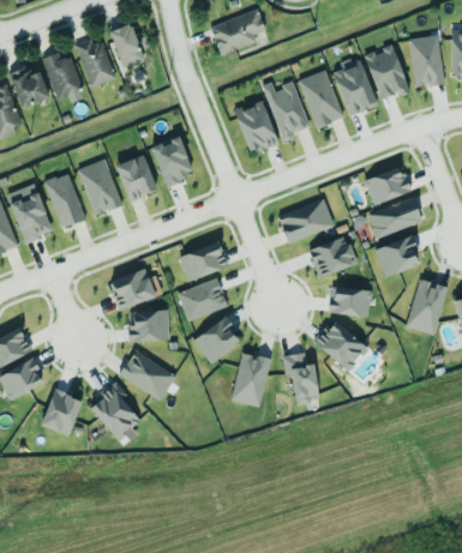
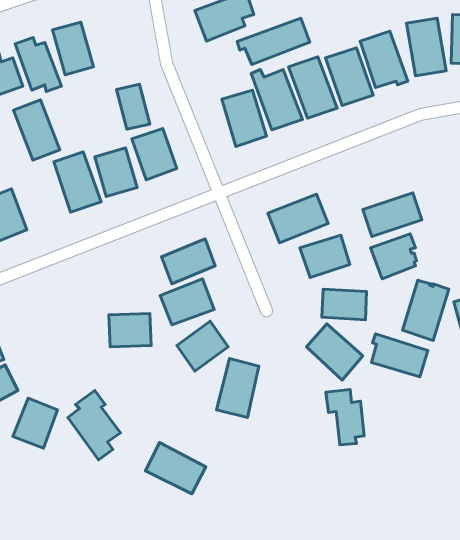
building: [112,24,143,66] -> [117,84,150,129]
building: none -> [237,18,310,64]
building: [365,167,410,204] -> none
building: [43,172,86,228] -> [14,100,60,160]
building: [109,268,156,309] -> none
building: none -> [372,334,428,377]
building: [120,350,176,398] -> [146,443,206,494]
building: [282,353,318,404] -> [326,390,364,445]

